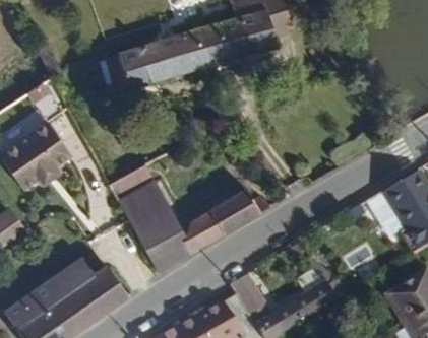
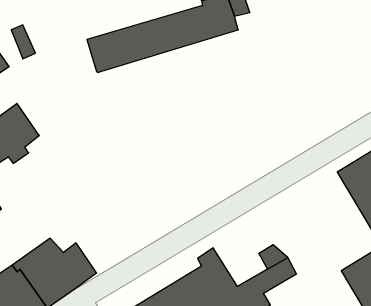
building: [109,162,270,270] -> none

